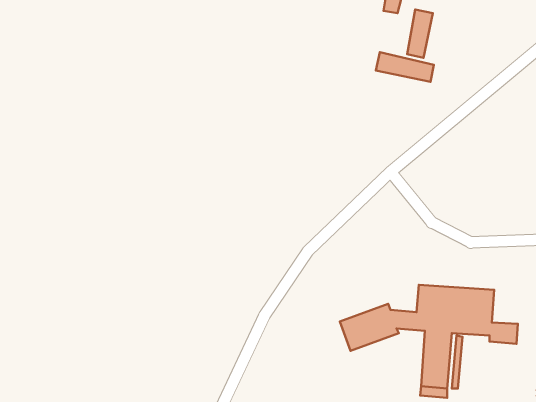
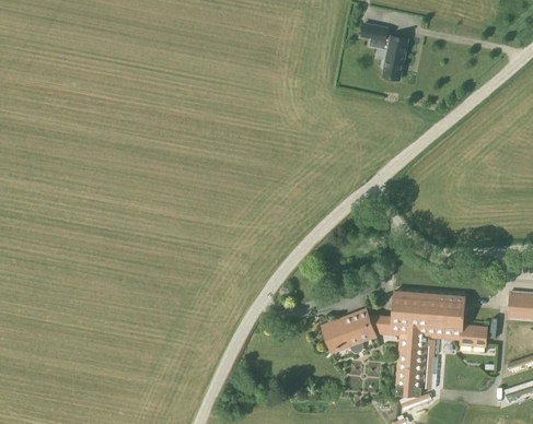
building: [376,52,434,82] -> none

